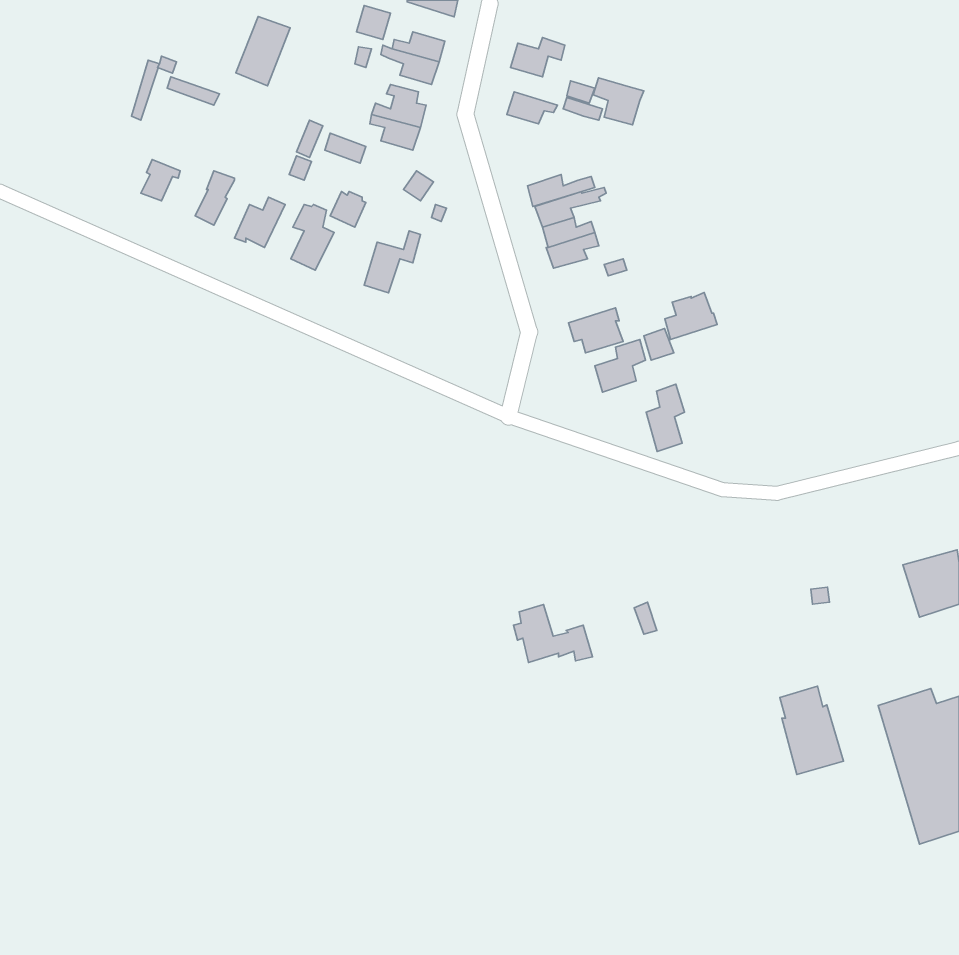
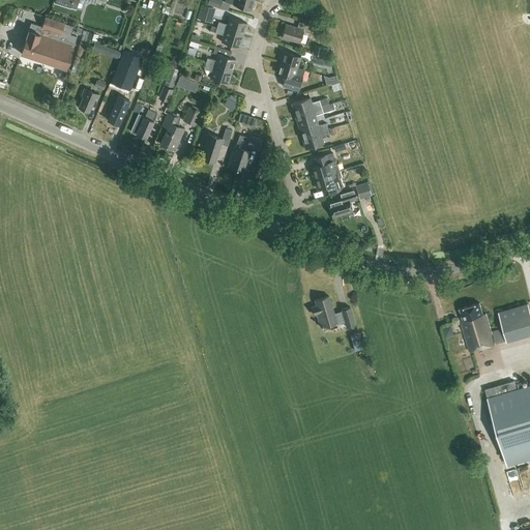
building: [236,16,290,86] -> [112,53,142,91]
building: none -> [21,19,76,69]
building: [593,78,644,125] -> [276,65,304,91]
building: none -> [229,137,263,173]
building: [665,293,717,340] -> [311,154,340,180]
building: [646,384,684,451] -> none
building: [514,604,592,663] -> [312,297,355,329]
building: [780,686,844,774] -> [460,304,495,353]

